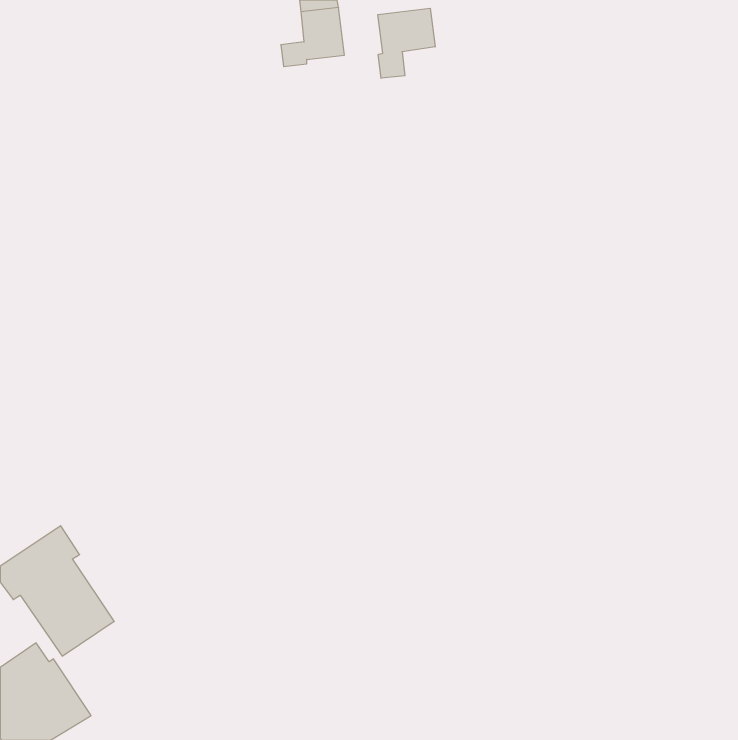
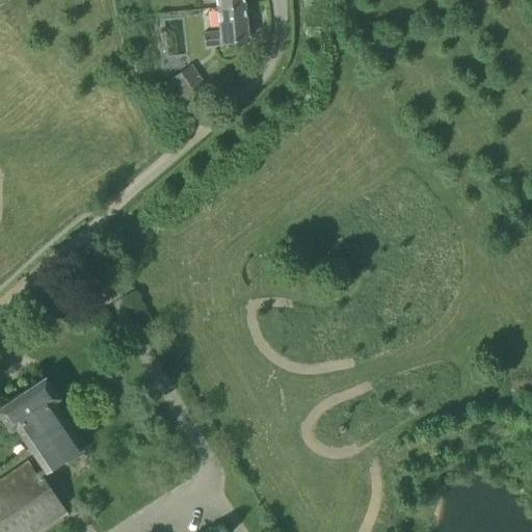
building: [378,8,435,78] -> none
building: none -> [169,64,207,102]

